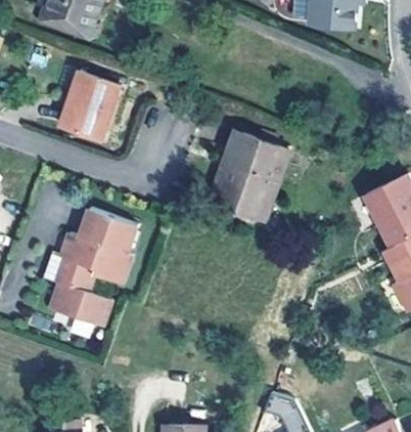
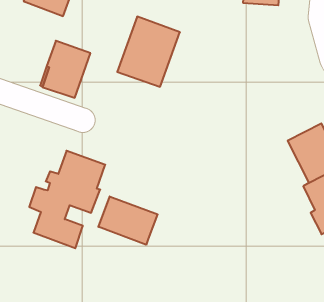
building: [211,132,288,219] -> [117,17,180,87]
building: none -> [98,196,158,245]

